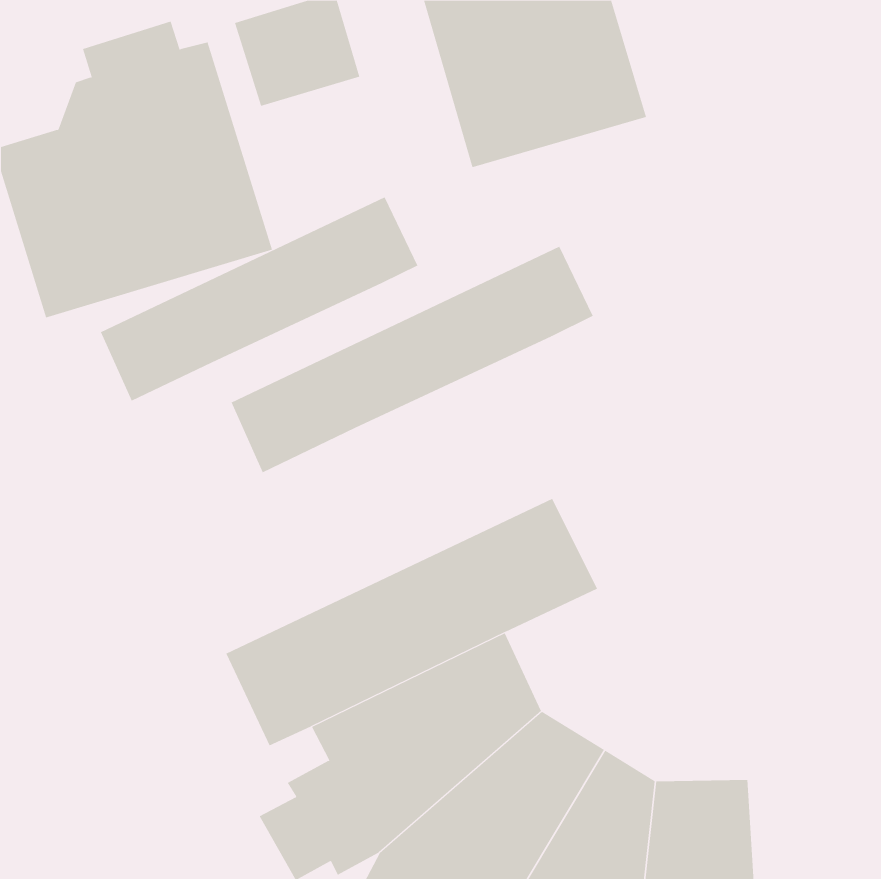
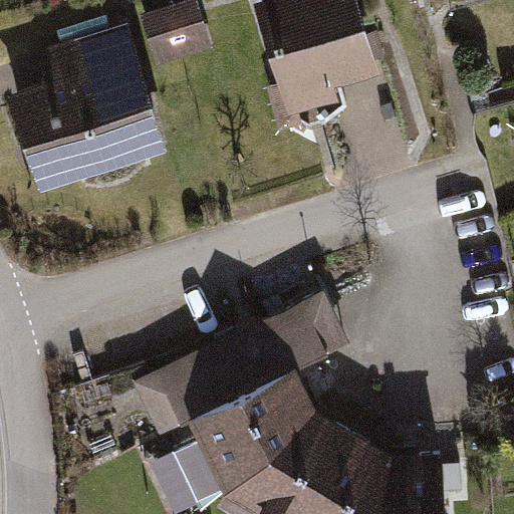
building: [100,197,418,402] -> none
building: [231,246,593,473] -> none

